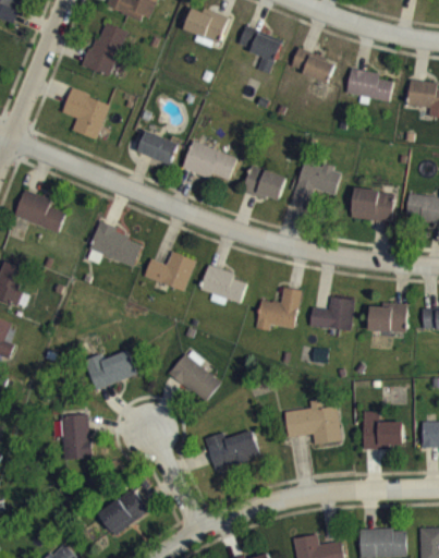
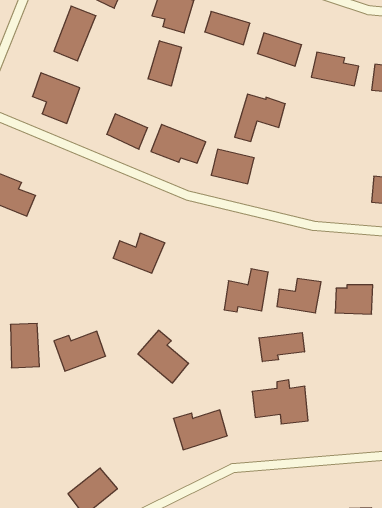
building: none -> [148,41,182,86]
building: [291,161,342,209] -> [235,94,285,141]
building: [350,187,394,222] -> none
building: [89,226,142,265] -> none
building: [200,266,245,304] -> none
building: none -> [259,333,304,362]
building: [363,411,403,448] -> none
building: [61,414,90,459] -> [10,324,39,368]

